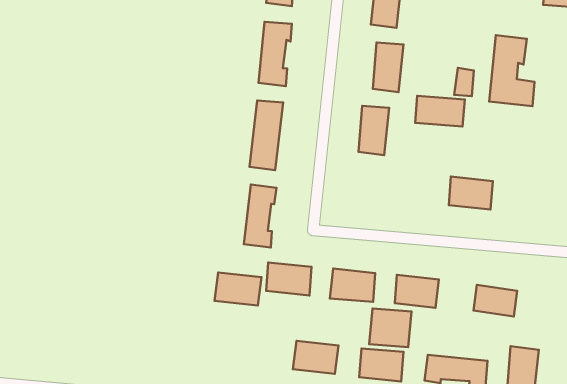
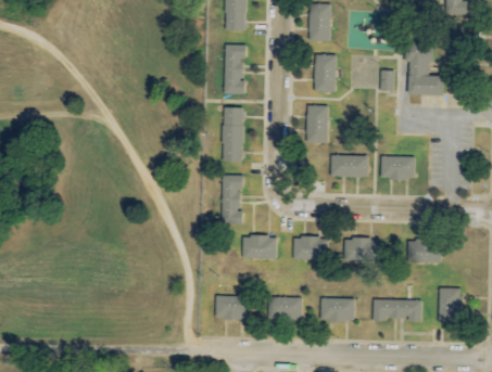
building: [415,96,465,127] -> [331,155,369,177]
building: [215,273,261,306] -> [215,295,251,319]
building: [369,309,412,347] -> none

